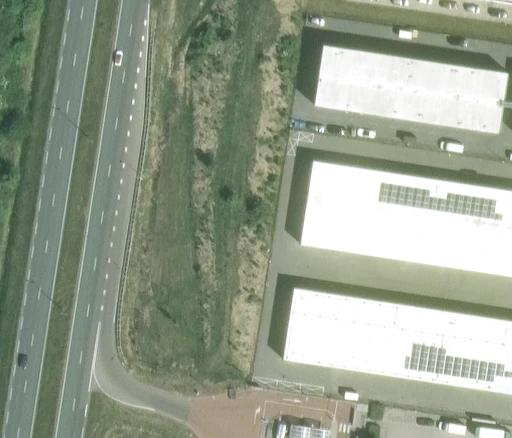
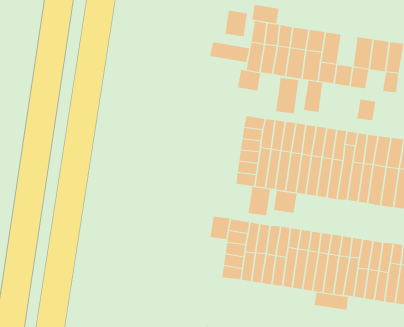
building: none -> [252,4,279,24]
building: none -> [225,10,248,37]
building: [426,61,451,101] -> [303,80,323,113]
building: none -> [210,42,250,63]
building: none -> [237,69,261,92]
building: [462,104,486,131] -> [357,99,376,121]
building: none -> [275,77,299,114]
building: none -> [248,186,270,216]
building: none -> [273,190,297,214]
building: none -> [210,216,230,240]
building: none -> [314,292,349,310]

